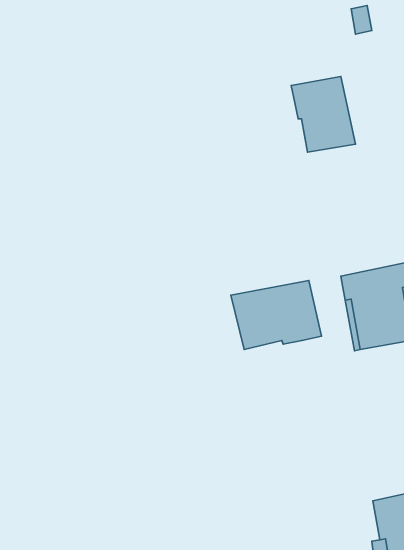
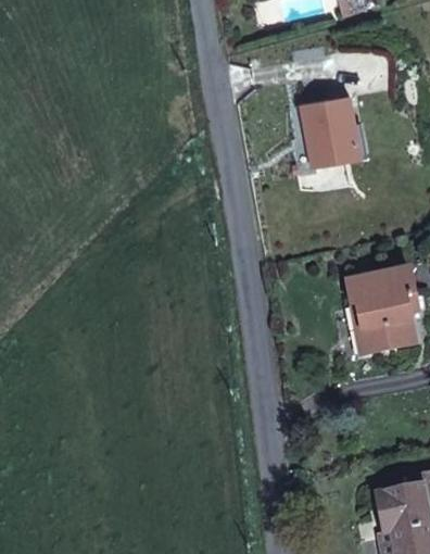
building: [231,280,322,349] -> none

